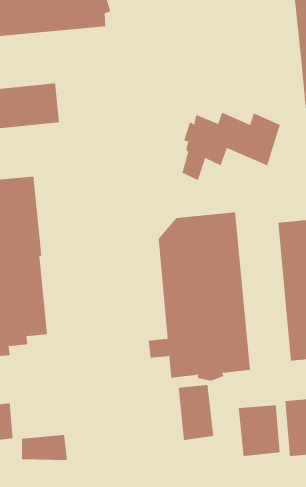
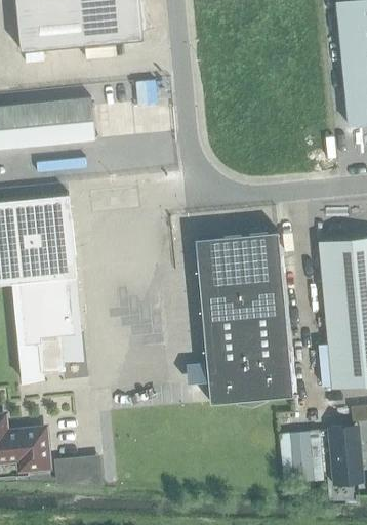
building: [182,112,280,181] -> none
building: [178,384,214,441] -> none

